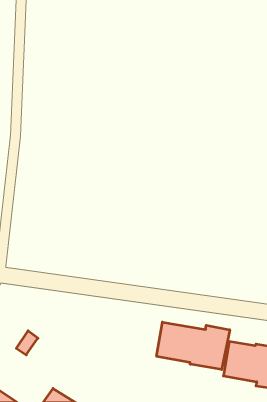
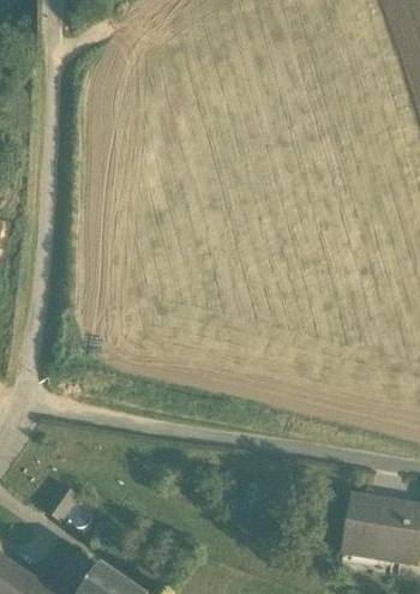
building: [157,322,230,370] -> none

